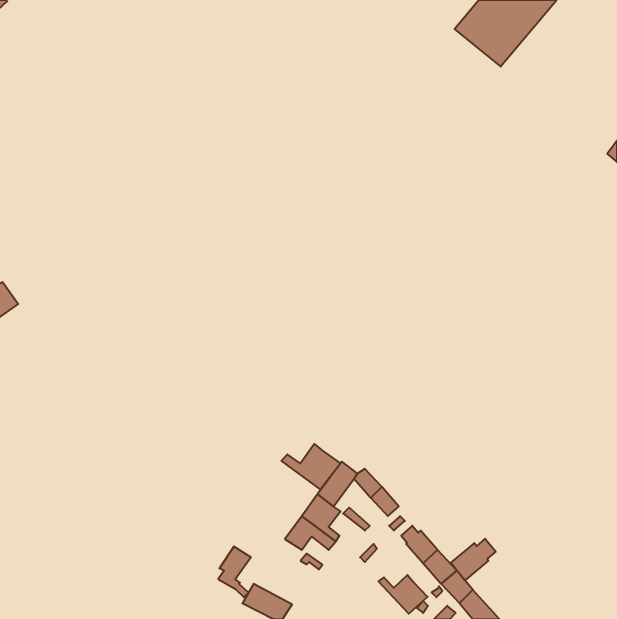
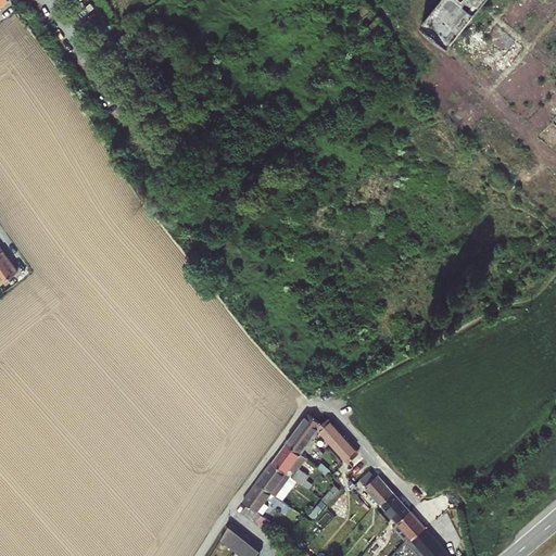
building: [281,444,340,489] -> none
building: [451,539,496,580] -> none
building: [218,546,251,597] -> [241,483,270,529]
building: [379,575,428,614] -> none

